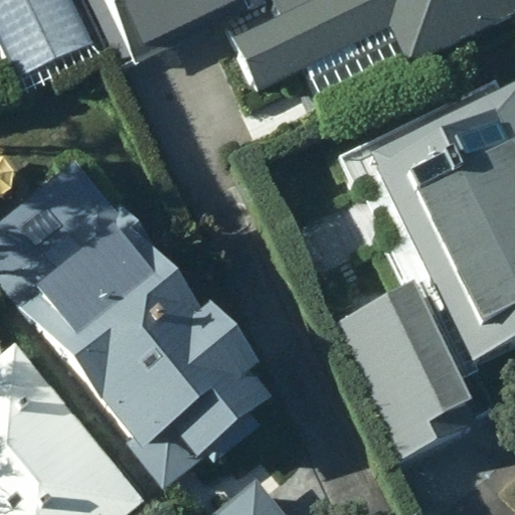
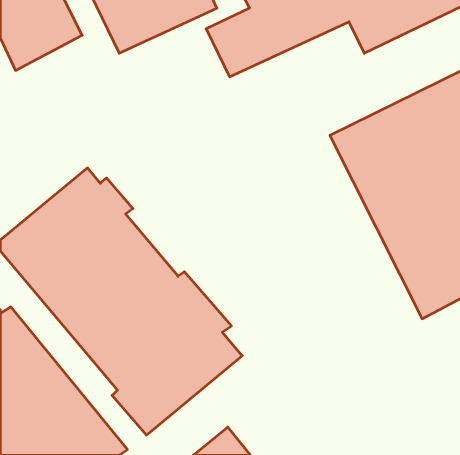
building: [326,280,482,462] -> none

